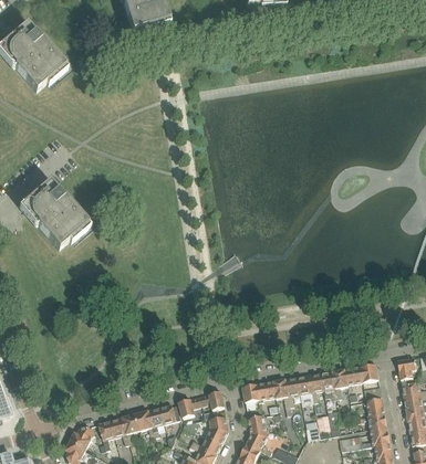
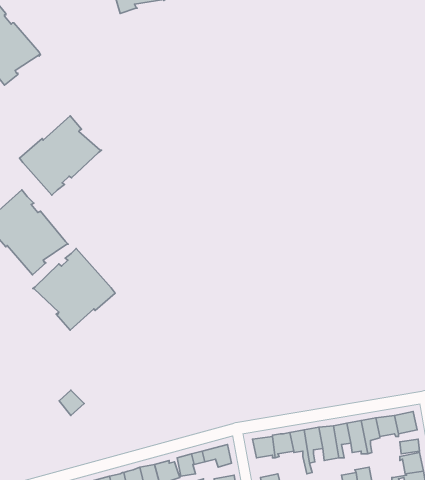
building: none -> [20,116,101,195]
building: none -> [33,248,115,330]

